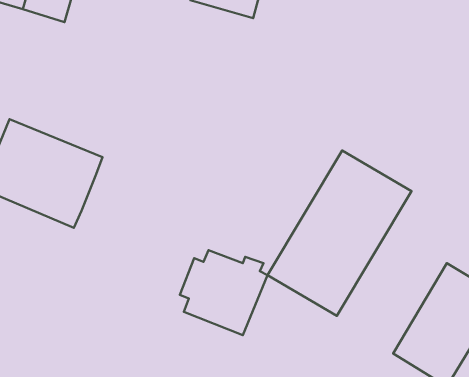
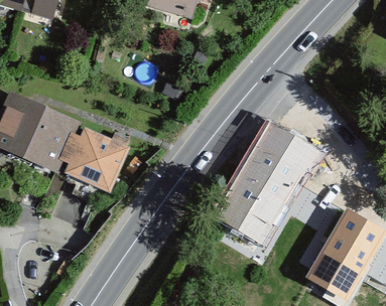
building: [180,250,268,335] -> [66,130,133,195]

